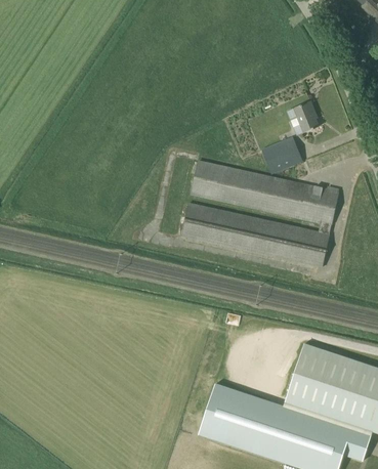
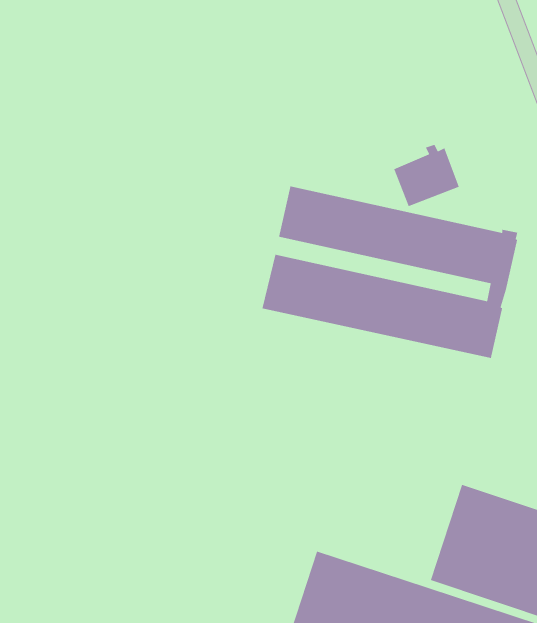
building: [287,101,319,135] -> none

